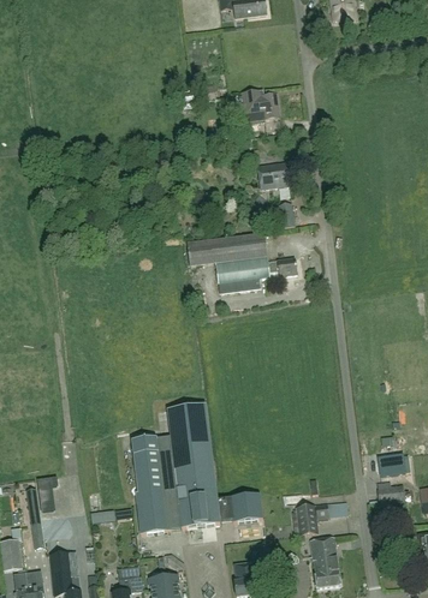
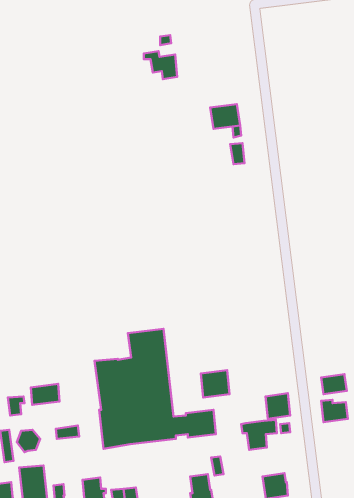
building: [243,89,279,119] -> [144,51,177,79]
building: [186,233,297,291] -> none
building: none -> [201,370,229,397]
building: none -> [31,384,60,405]
building: [310,536,337,563] -> [266,393,290,419]

